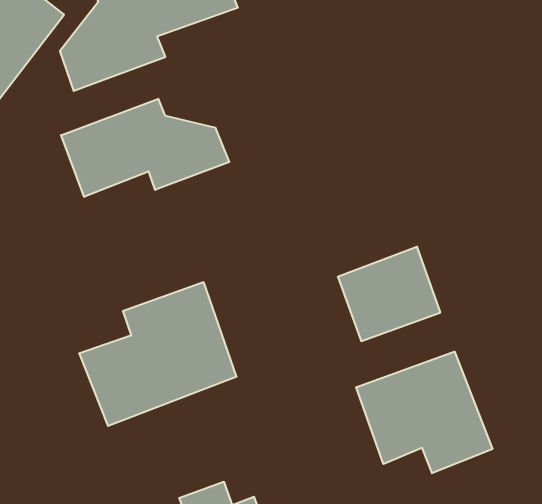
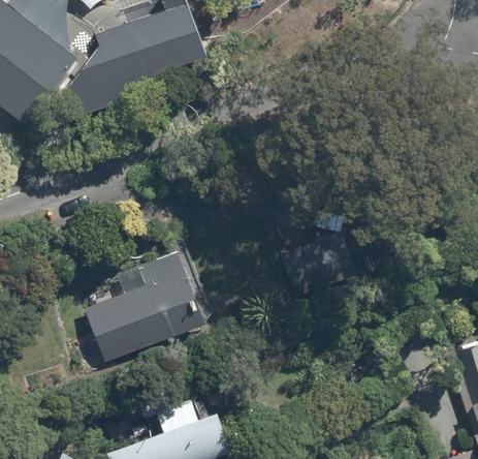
building: [61,99,229,197] -> none
building: [356,352,492,473] -> none

